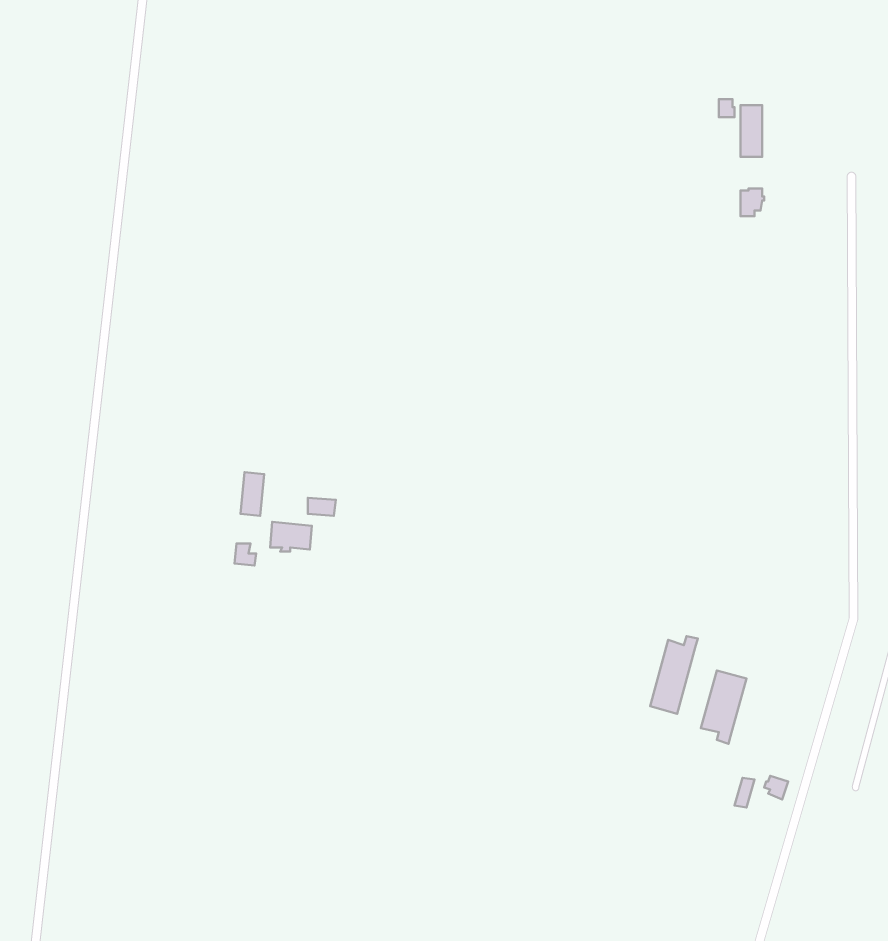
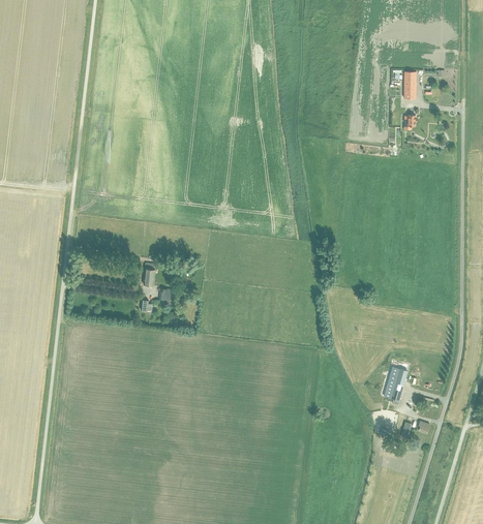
building: [650,636,698,714] -> none

